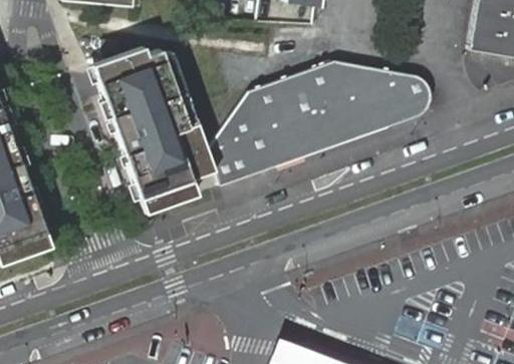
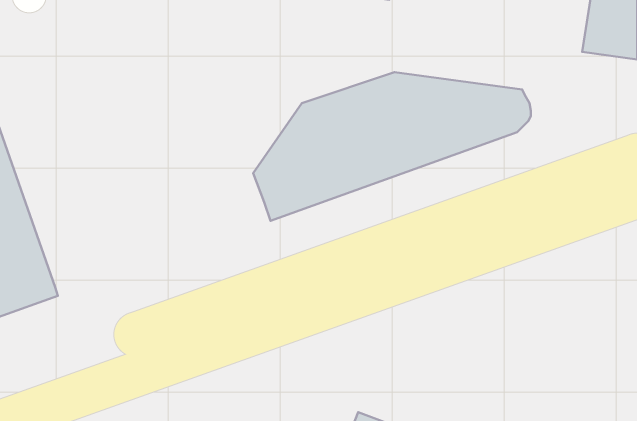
building: [89,46,214,213] -> none

